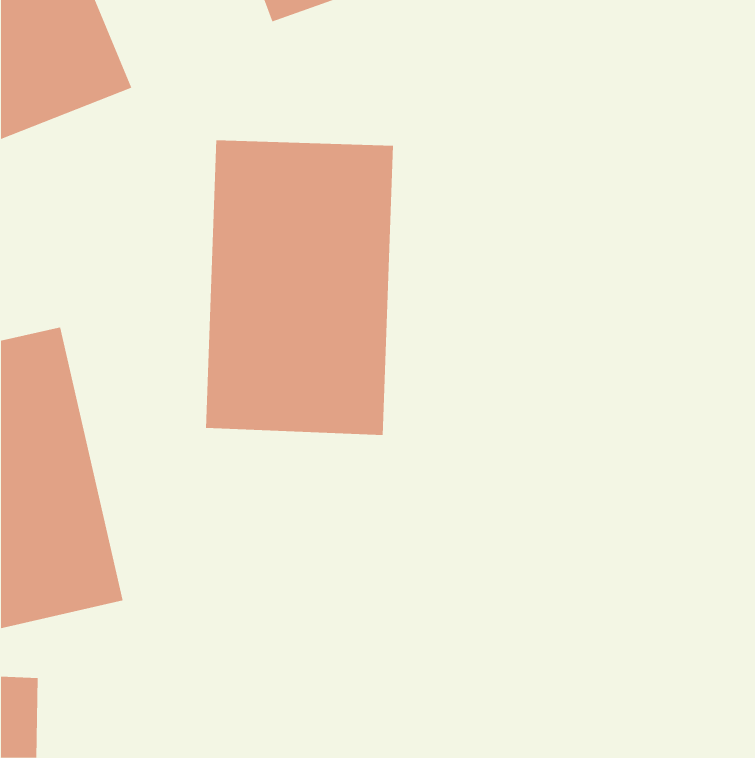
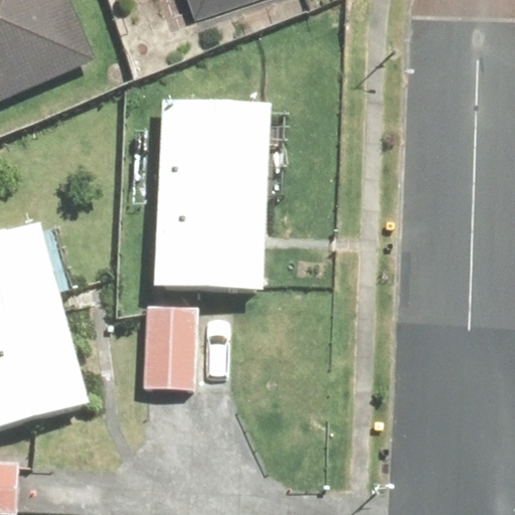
building: none -> [135,303,196,399]

